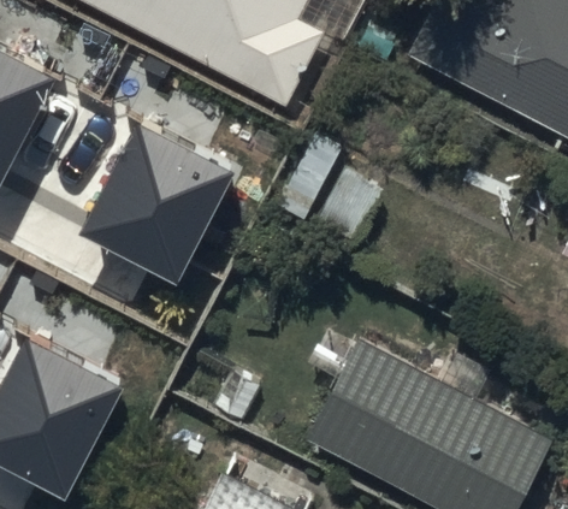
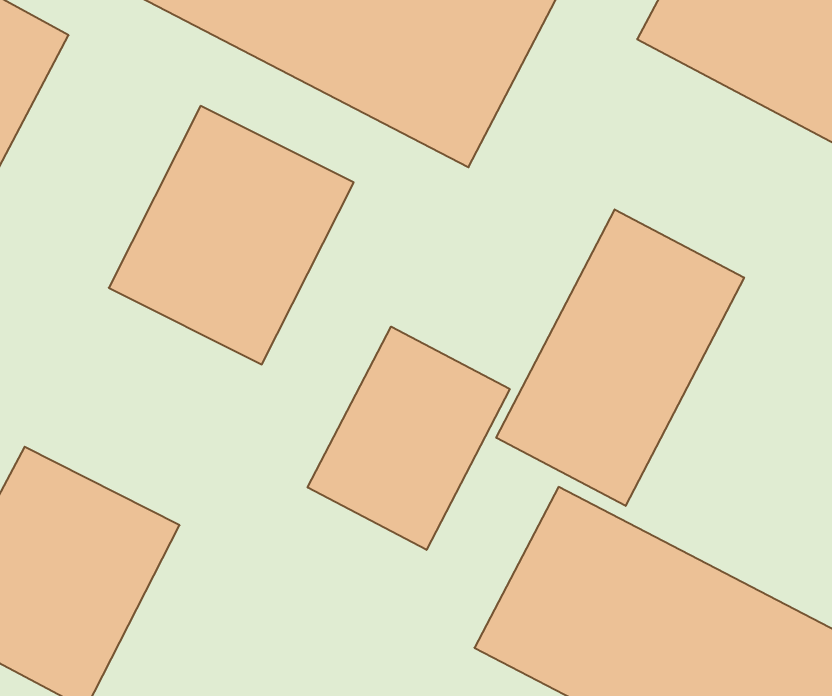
building: none -> [496,209,744,506]
building: none -> [308,327,510,550]

